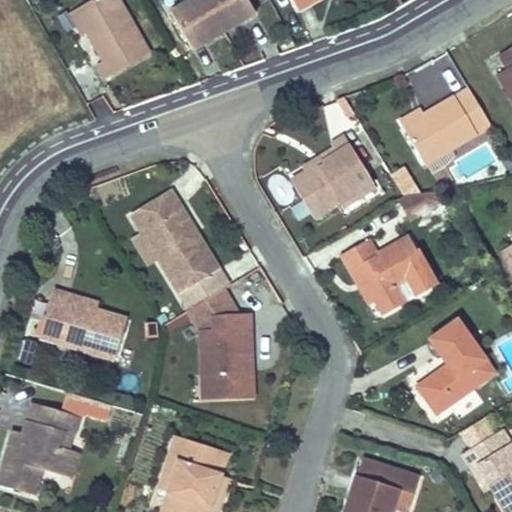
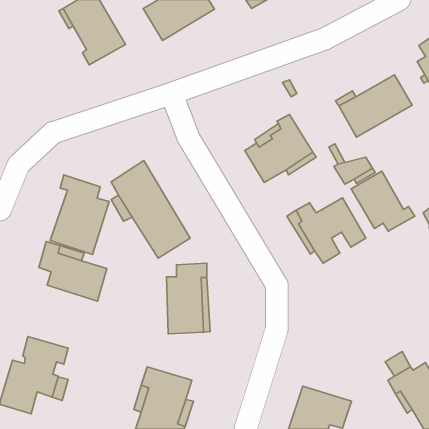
building: none -> [351,171,415,231]
building: none -> [50,175,109,255]
building: [418,320,494,413] -> none

